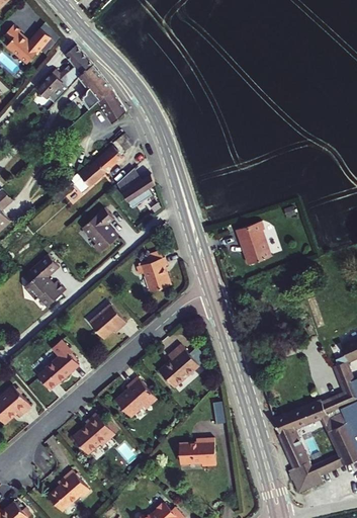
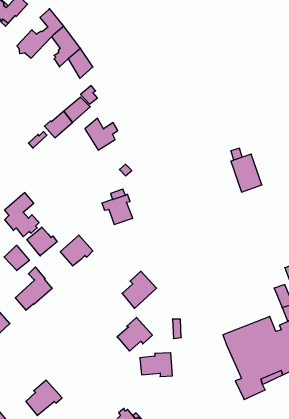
building: [81,209,116,254] -> none
building: [236,221,271,264] -> [231,154,262,192]
building: none -> [27,227,57,256]
building: none -> [4,245,29,271]
building: [115,378,156,417] -> [117,317,152,351]
building: [73,413,114,454] -> none

